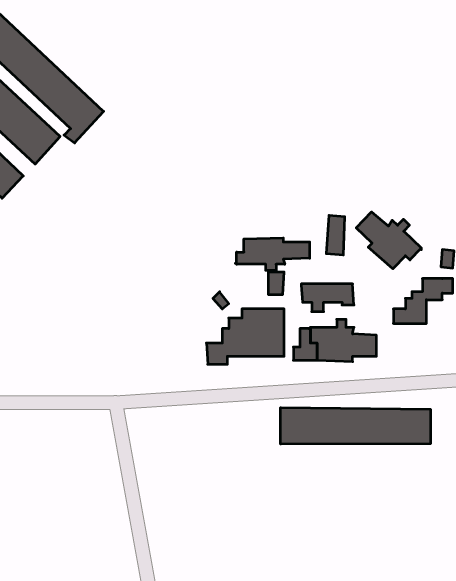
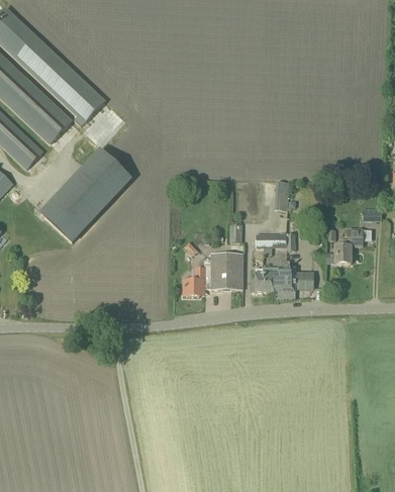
building: none -> [40,149,130,241]
building: [356,212,421,269] -> none
building: [235,238,310,270] -> none
building: [281,408,430,444] -> none

